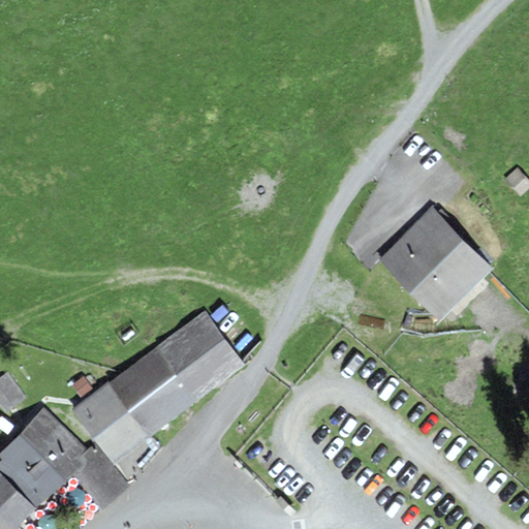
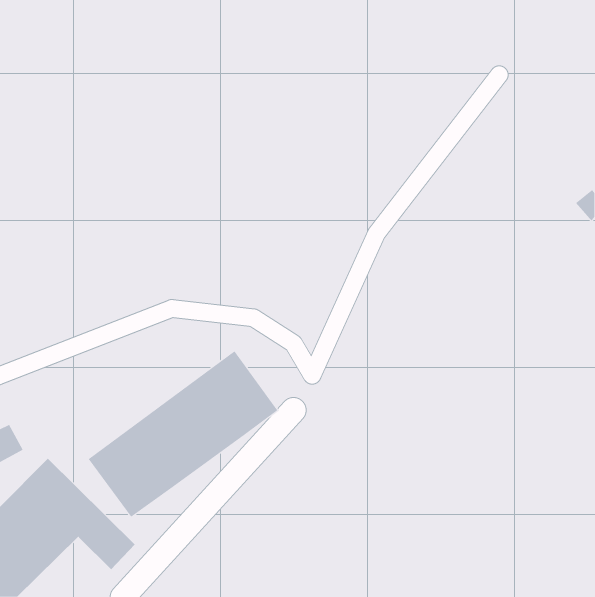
building: [376,211,487,321] -> none

